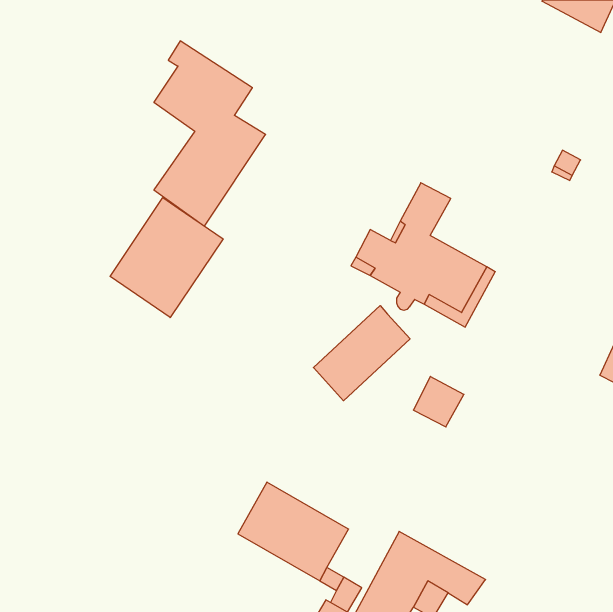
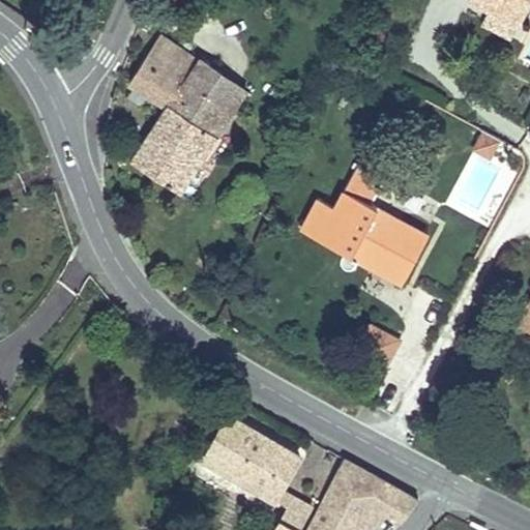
building: none -> [203,78,244,118]
building: [110,198,223,318] -> none
building: [313,306,410,401] -> none

